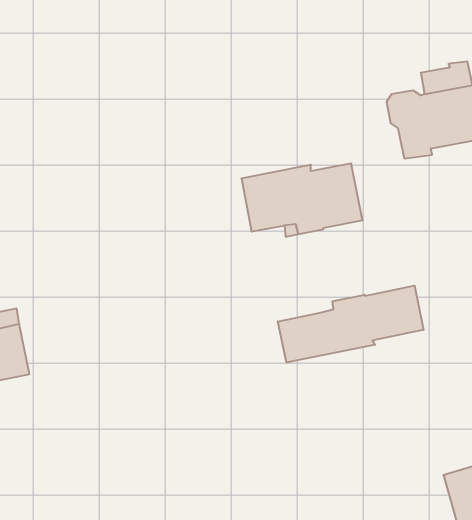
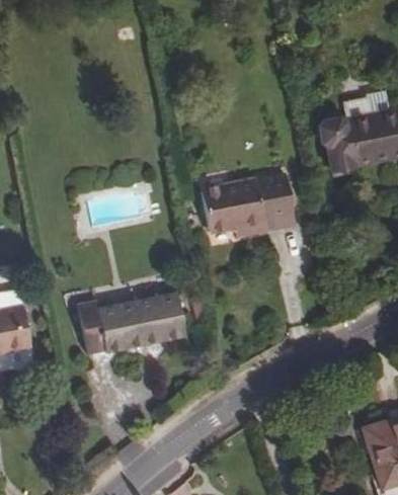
building: [278,286,424,363] -> none
building: none -> [78,293,185,355]

